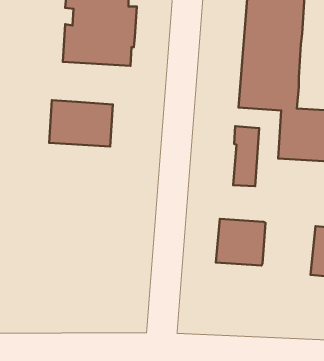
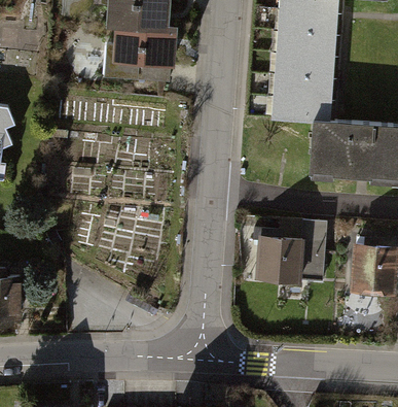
building: [49,100,113,146] -> none
building: [233,126,259,186] -> [298,218,324,278]

